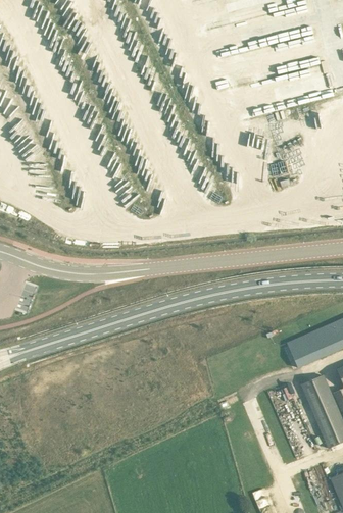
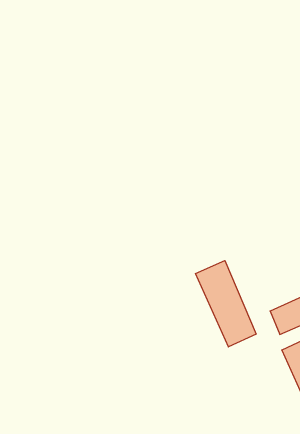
building: none -> [196,261,256,347]

